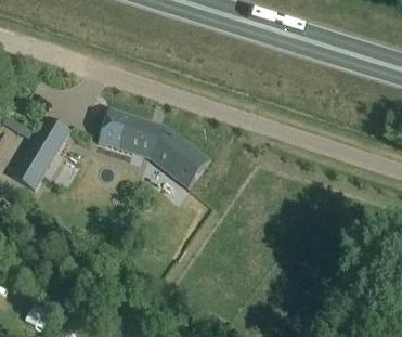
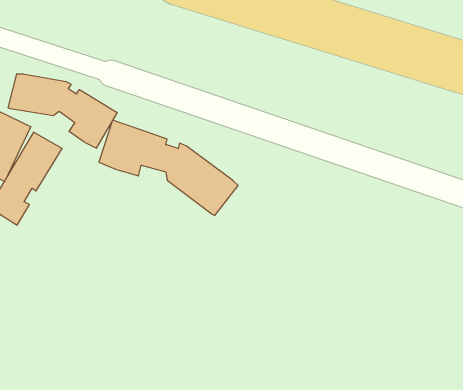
building: none -> [8,74,117,148]

